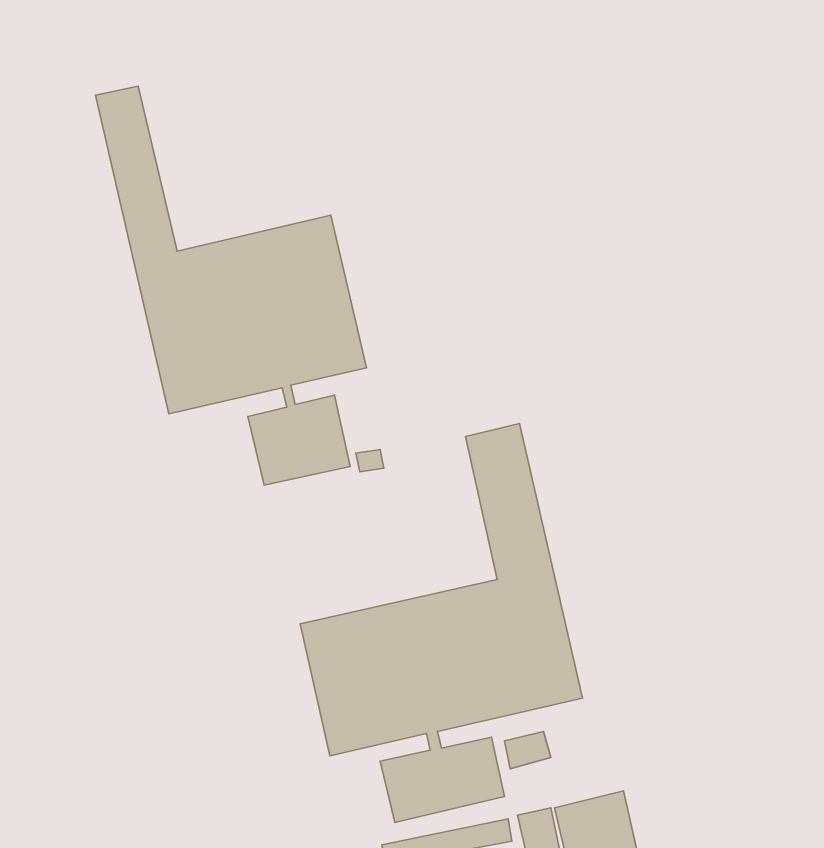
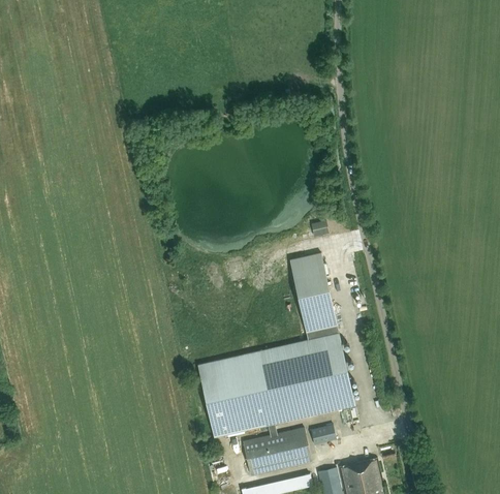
building: [96,86,366,485] -> none

